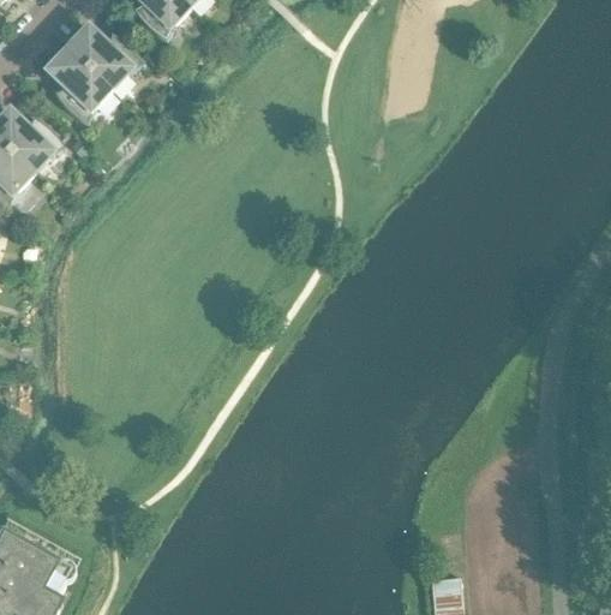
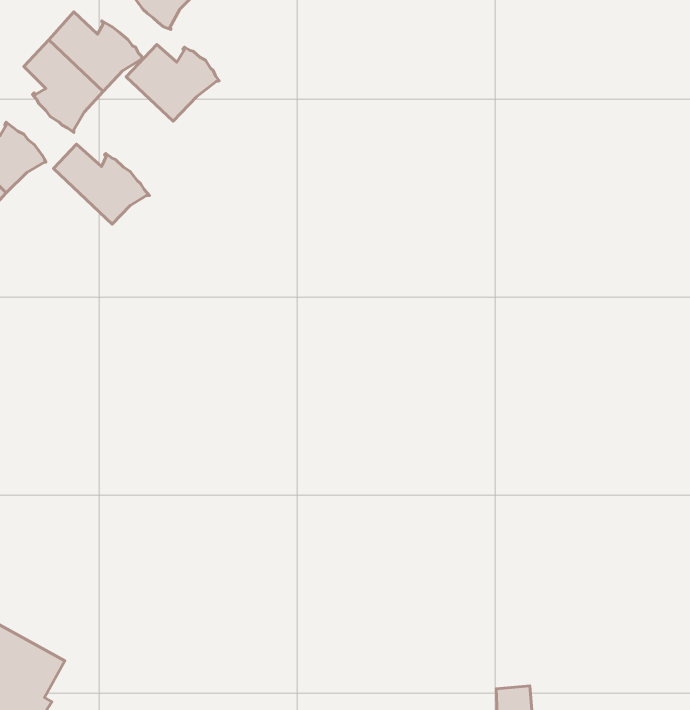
building: none -> [126,45,219,121]
building: none -> [53,144,149,224]

